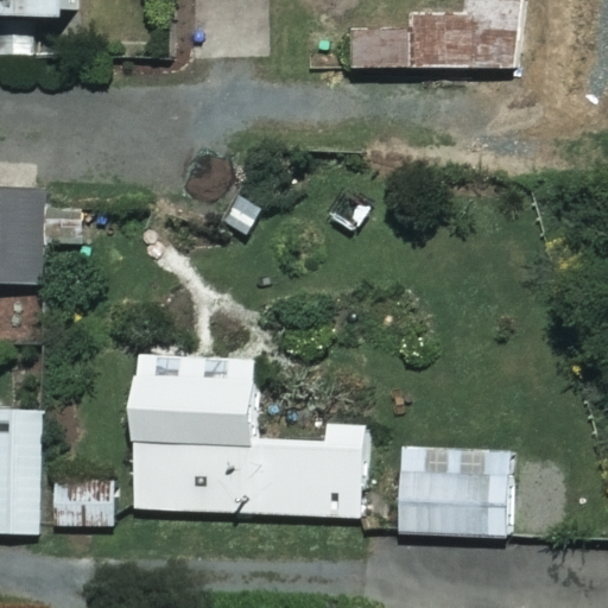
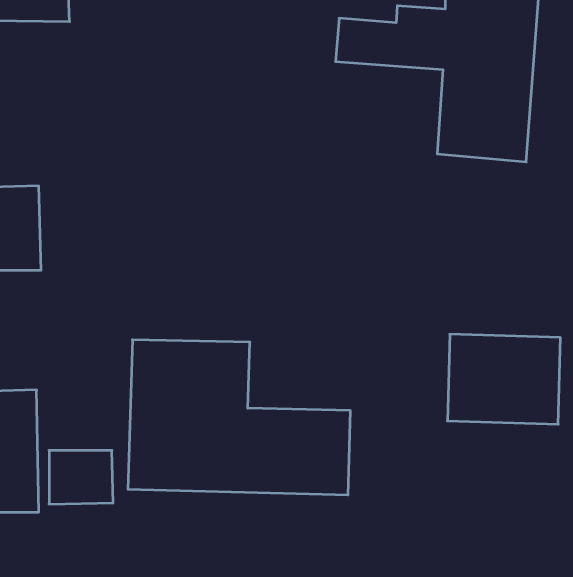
building: [394,444,512,538] -> [447,334,560,424]

